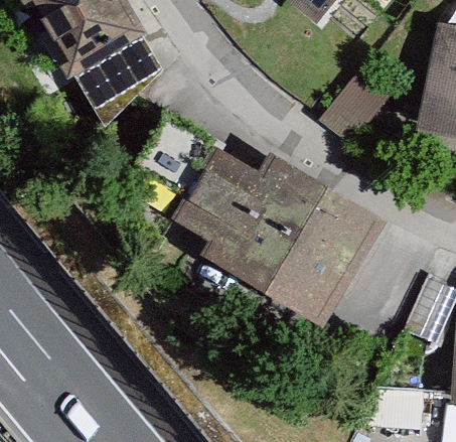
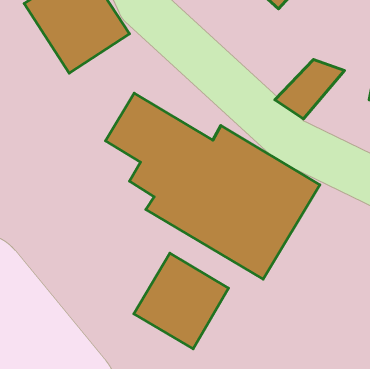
building: none -> [134,253,229,349]

